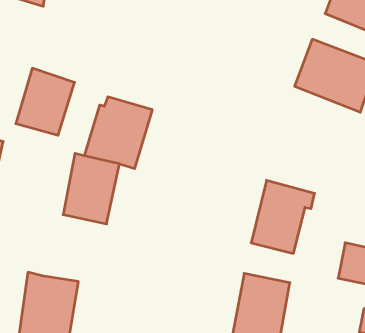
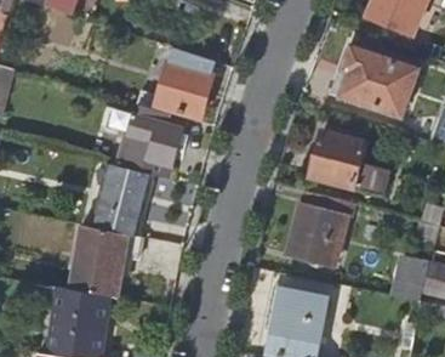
building: [16,68,75,135] -> [155,47,216,117]
building: none -> [309,131,392,197]
building: none -> [72,223,142,296]

